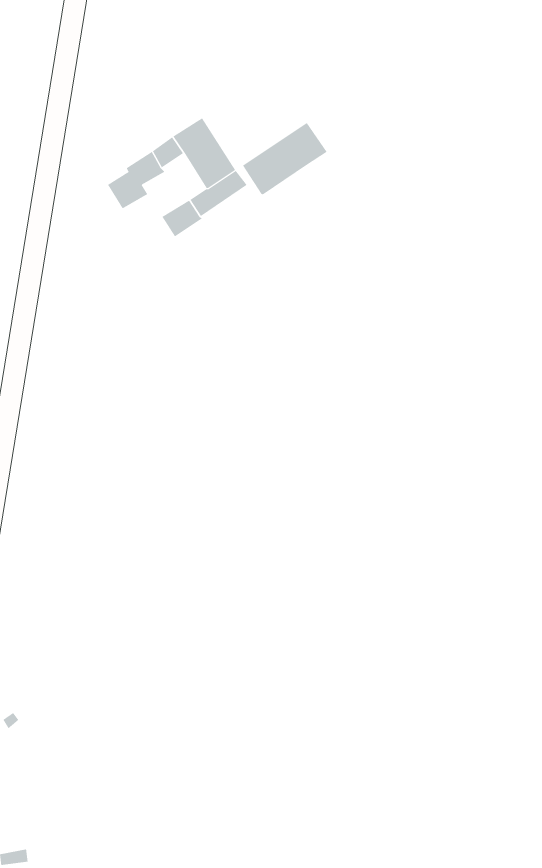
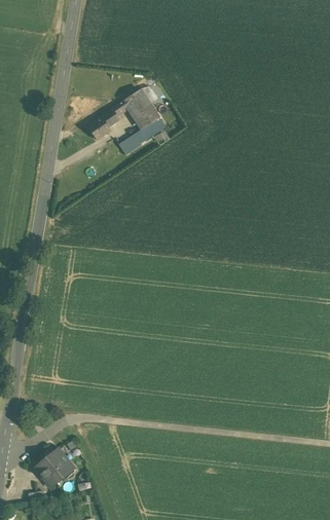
building: [242,122,328,195] -> none
building: none -> [35,449,74,487]

